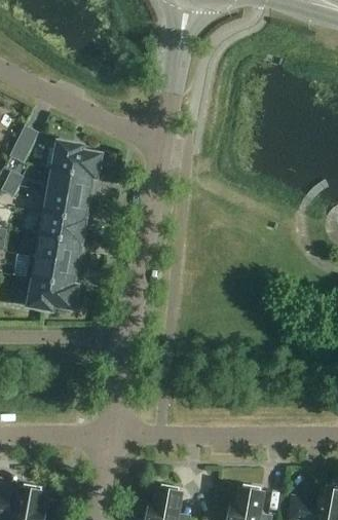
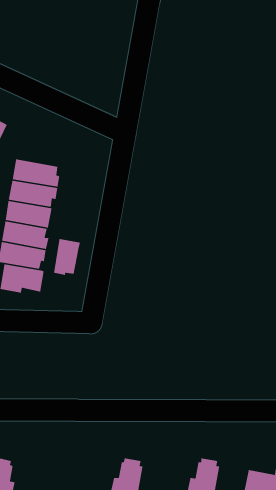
building: [45,143,100,178] -> none
building: none -> [53,238,81,277]

